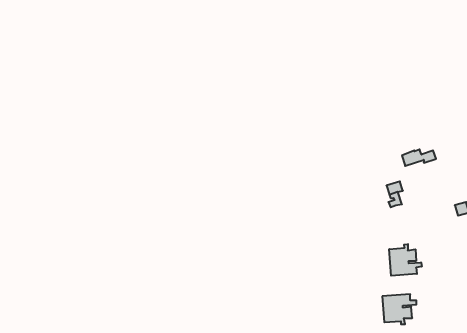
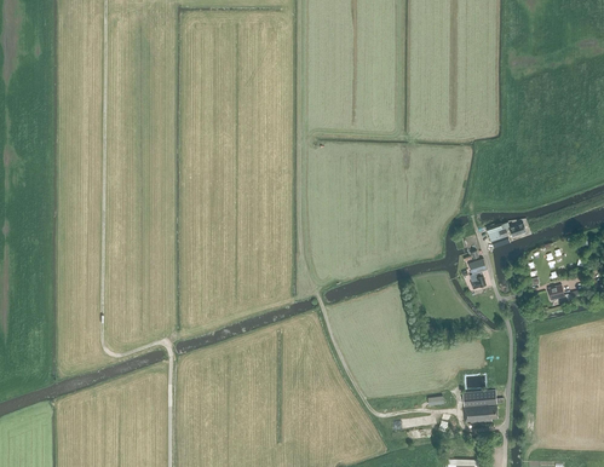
building: [389,244,422,276] -> none

